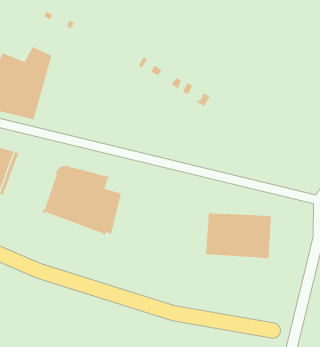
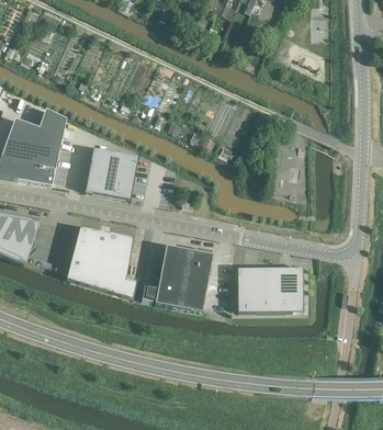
building: none -> [83,147,137,199]
building: none -> [144,245,212,312]

